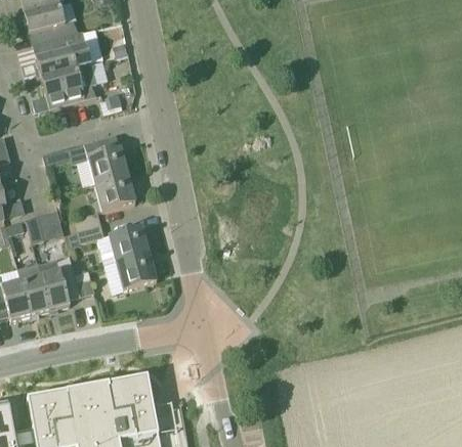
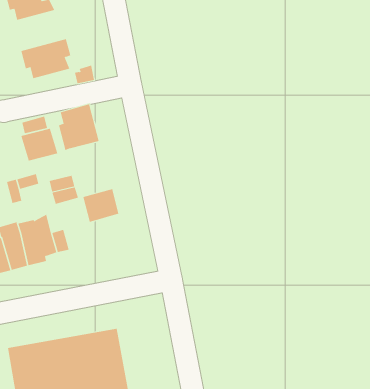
building: [35,31,91,76] -> none
building: [94,174,135,210] -> [21,128,58,161]
building: [116,253,156,289] -> none

